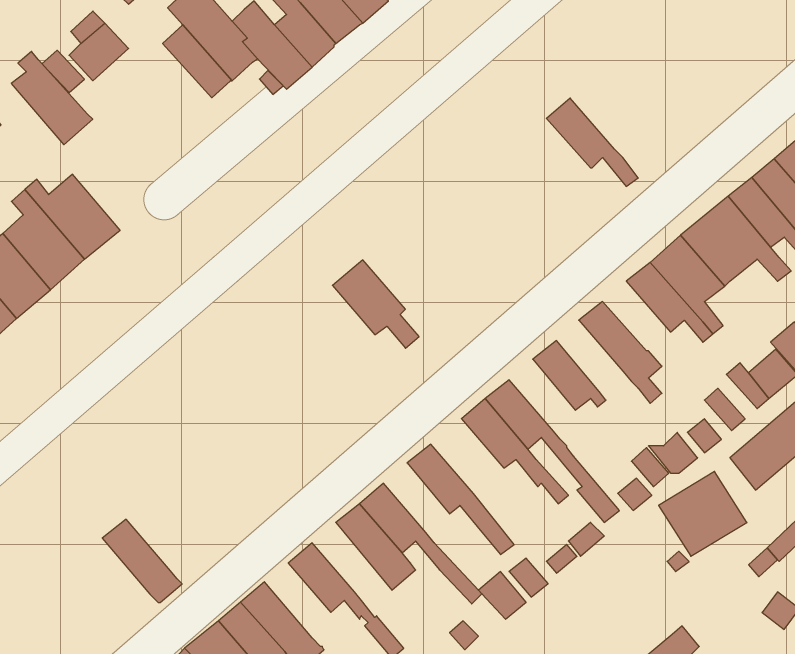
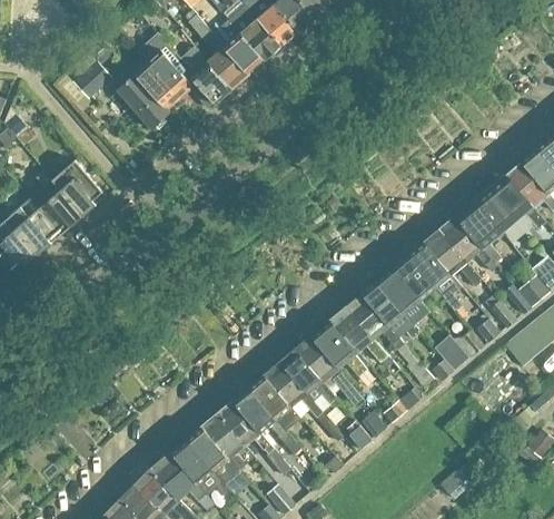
building: [11,51,93,145] -> [117,68,170,129]
building: [546,98,638,186] -> [423,229,483,287]
building: [332,260,419,348] -> [310,320,367,378]
building: none -> [393,255,446,304]
building: none -> [362,281,419,337]
building: none -> [279,349,335,402]
building: [102,519,182,603] -> [201,414,254,469]
building: none -> [233,388,300,454]

